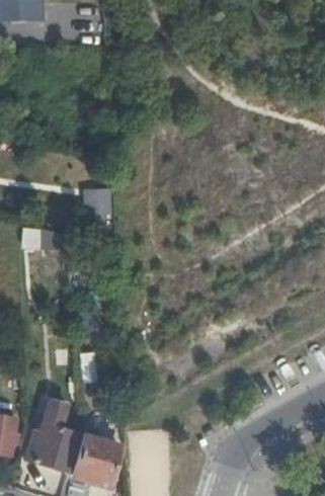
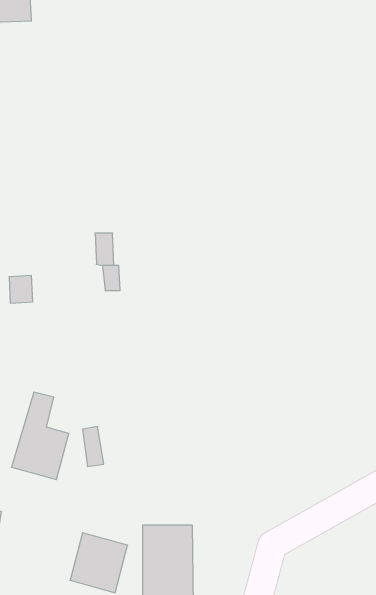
building: [32,401,79,472] -> [11,392,69,480]

